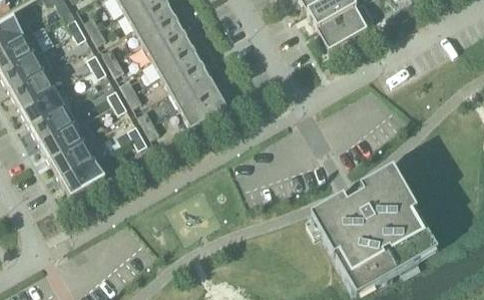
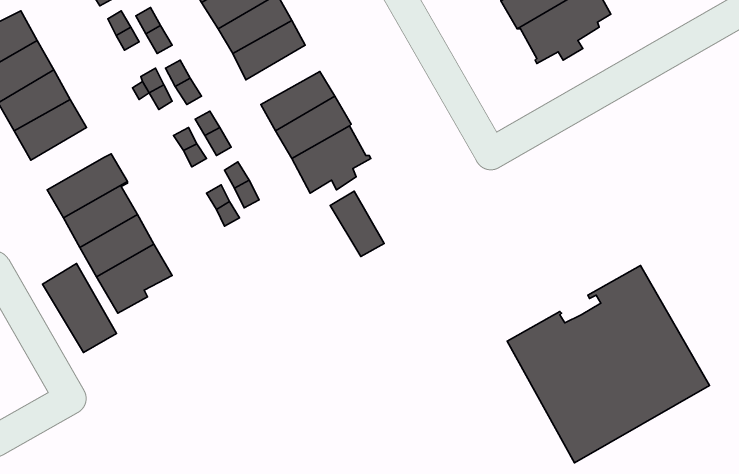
building: [150,37,195,73] -> none
building: [19,87,64,125] -> none
building: none -> [330,191,384,256]
building: none -> [42,264,116,352]

